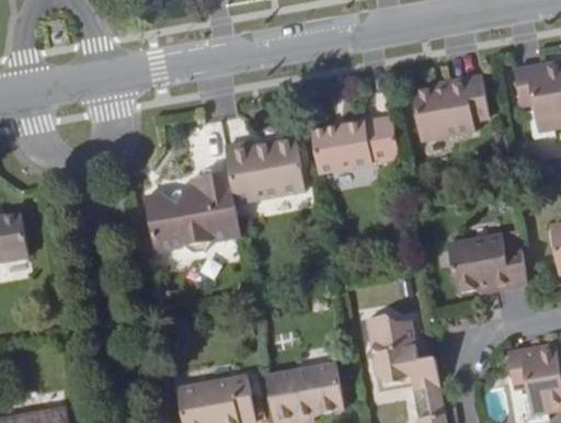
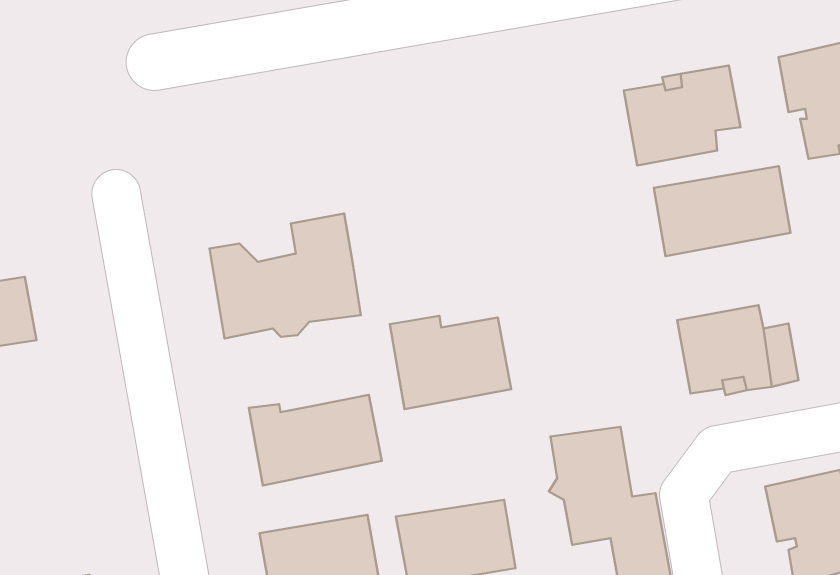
building: [311,117,401,176] -> [654,166,790,256]
building: [226,142,306,204] -> [390,316,511,409]
building: none -> [249,395,382,486]

